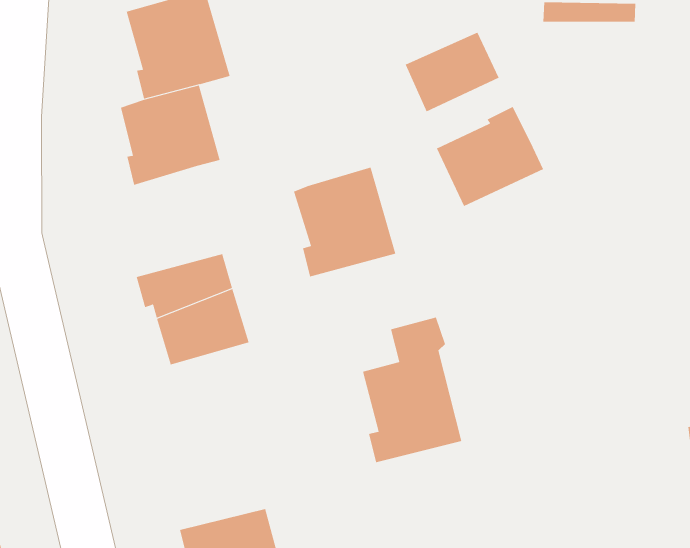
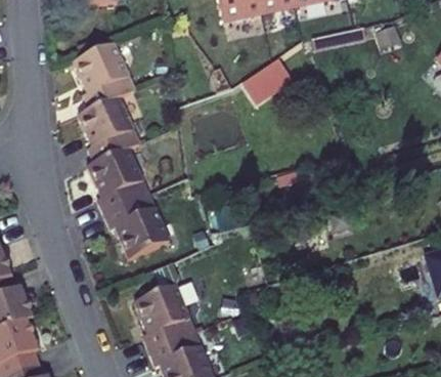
building: [436,106,544,207] -> none
building: [293,167,396,277] -> [89,150,150,215]
building: [362,317,462,463] -> [133,266,193,351]

